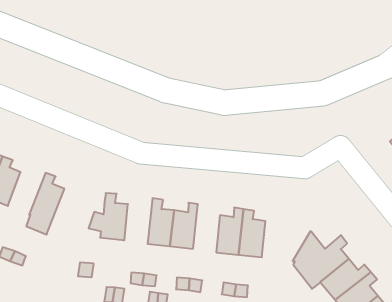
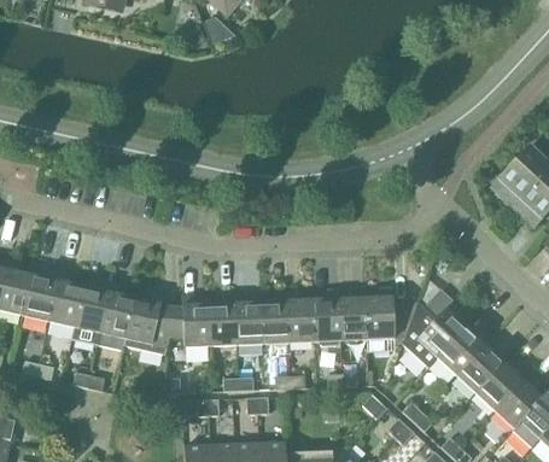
building: none -> [74,281,110,333]
building: none -> [123,292,182,356]
building: none -> [208,293,236,345]
building: none -> [286,291,315,343]
building: none -> [364,288,416,340]

